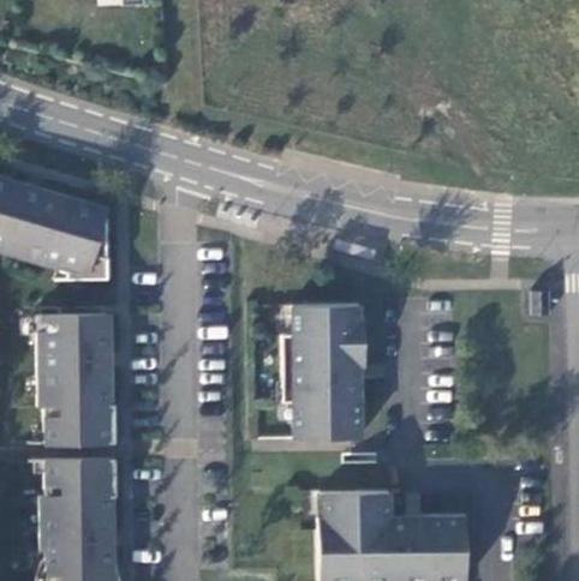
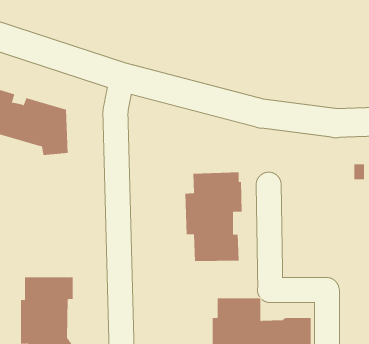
building: [35,319,119,442] -> none

